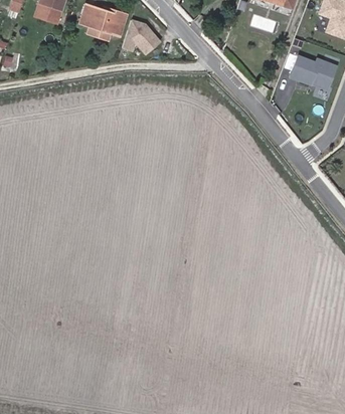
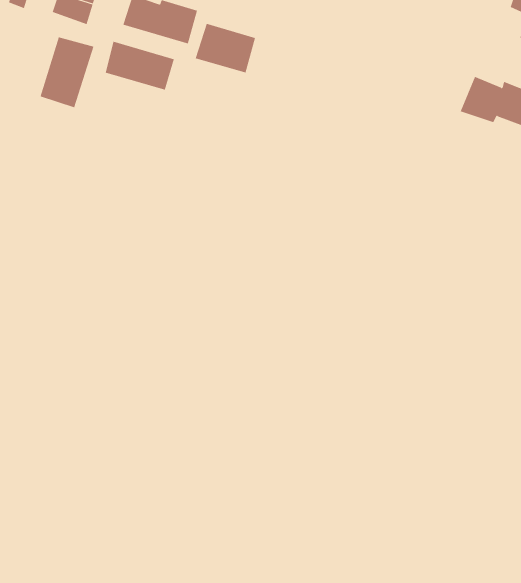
building: none -> [40,36,94,108]
building: none -> [105,41,175,90]

